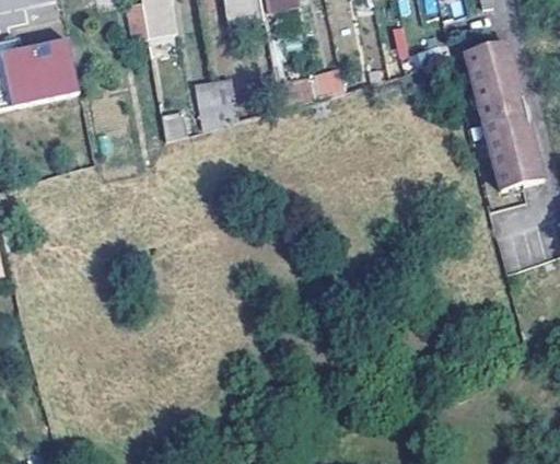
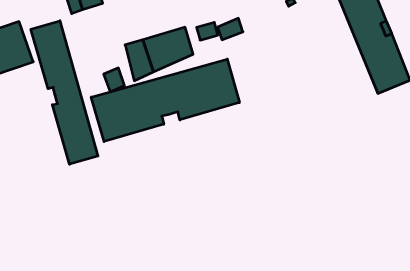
building: none -> [31,21,98,164]
building: none -> [91,59,239,142]

